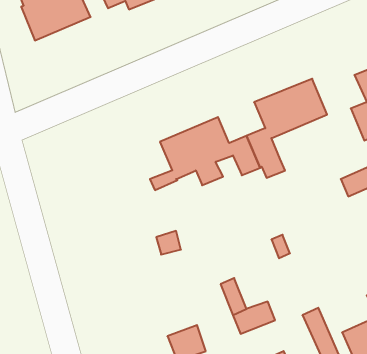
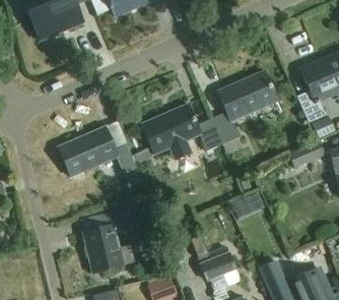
building: none -> [58,125,137,175]
building: none -> [83,208,135,273]

